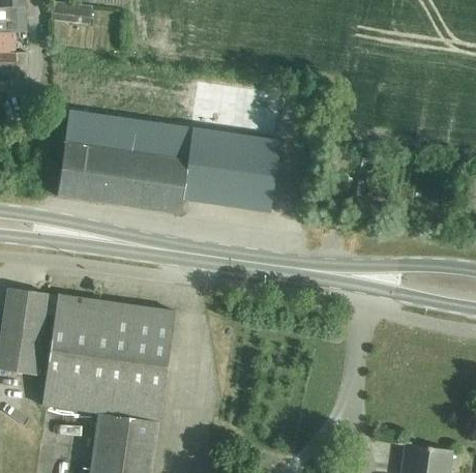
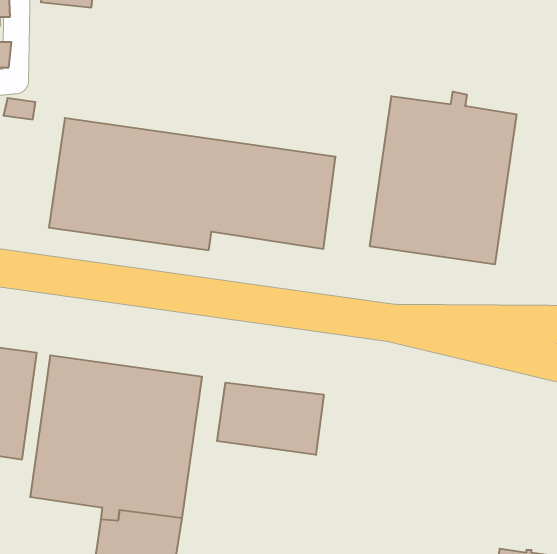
building: none -> [370,91,516,264]
building: none -> [217,383,324,455]

